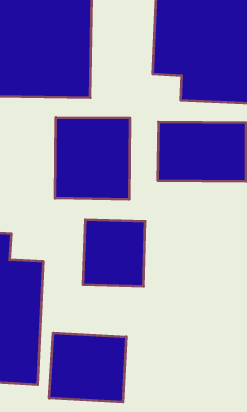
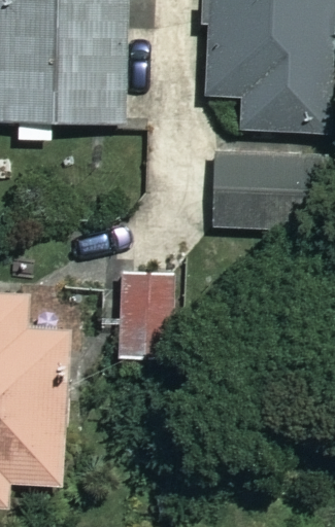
building: [55,117,130,199] -> none
building: [49,333,126,402] -> none

